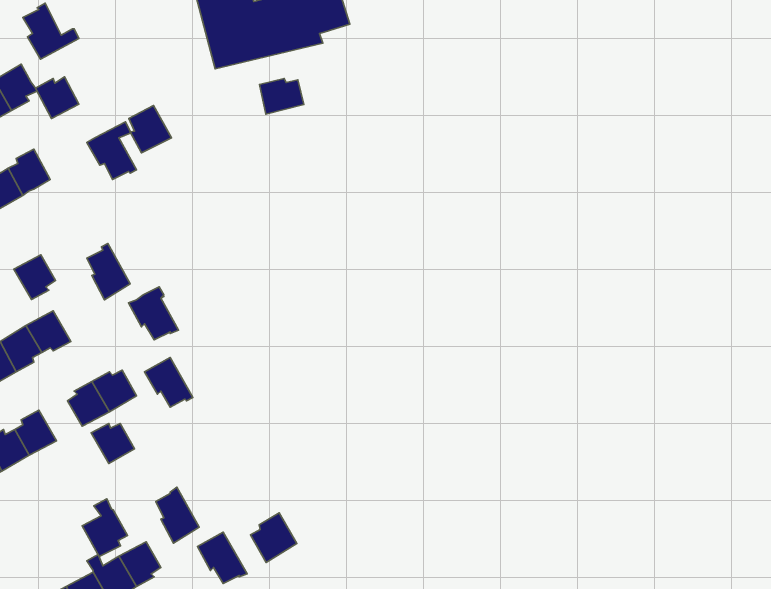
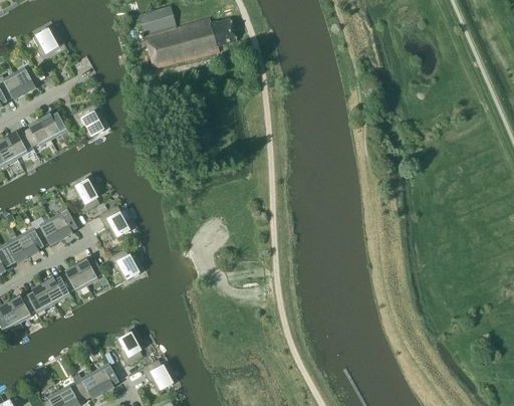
building: [36,77,79,119] -> [40,111,67,137]
building: [259,78,304,114] -> none
building: [129,106,171,153] -> none
building: [14,255,55,300] -> [52,210,78,238]
building: [91,423,134,463] -> [43,275,70,300]
building: [82,499,128,557] -> none
building: [250,513,297,562] -> none

